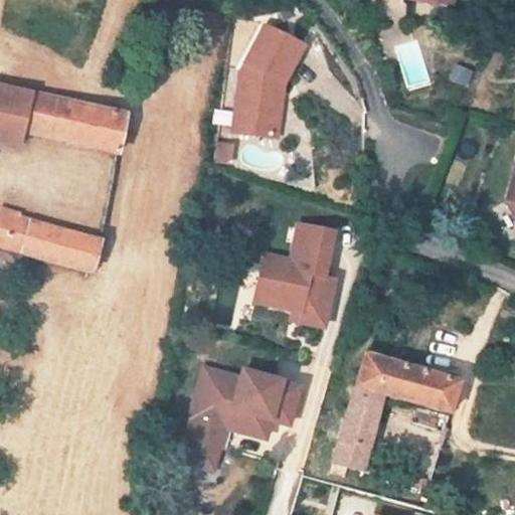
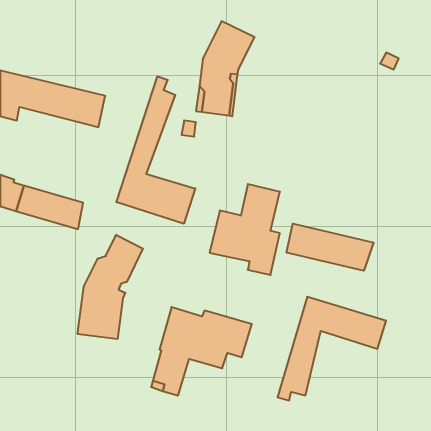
building: none -> [116,76,195,224]
building: none -> [286,224,374,271]
building: none -> [78,235,143,339]

